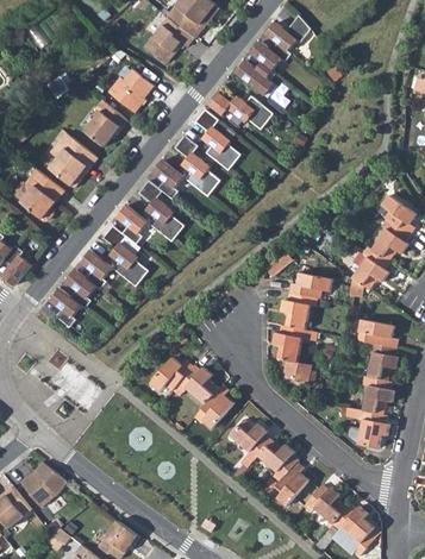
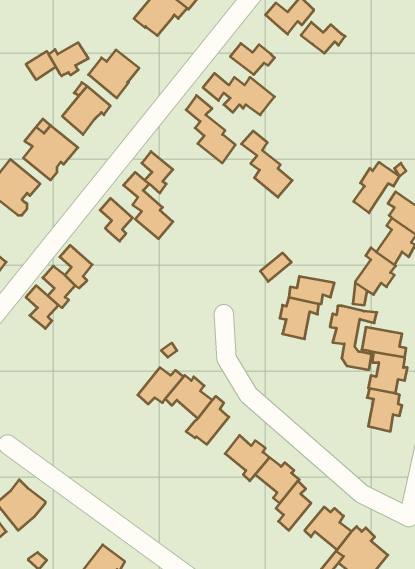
building: [251,43,292,71] -> [301,22,345,53]
building: none -> [48,43,88,76]
building: [174,136,220,196] -> [241,131,292,197]
building: none -> [354,162,400,213]
building: [102,222,146,283] -> none
building: [273,327,315,385] -> [330,306,377,370]
building: [356,412,387,448] -> none

